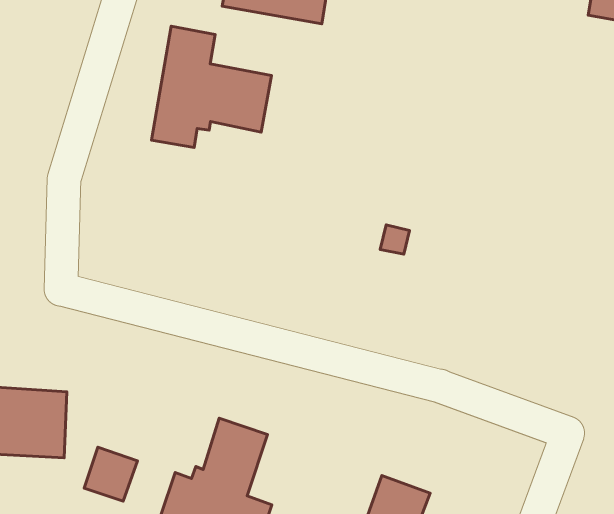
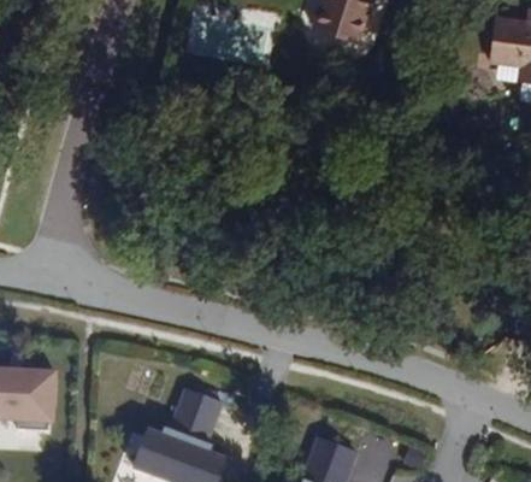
building: [152,26,272,148] -> none
building: [84,447,137,501] -> none

